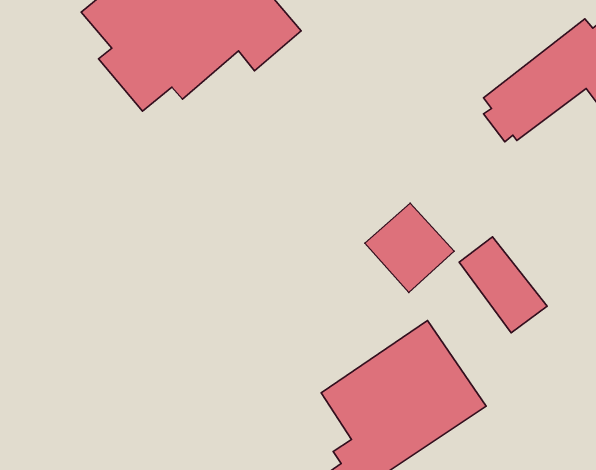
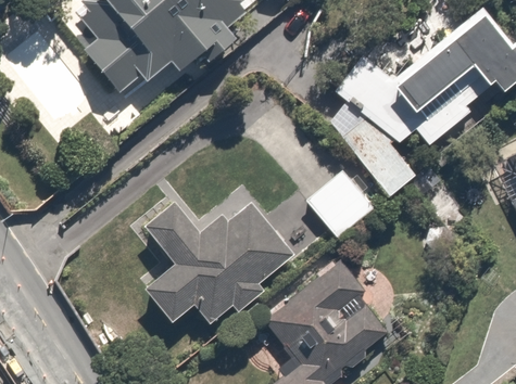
building: [459,237,547,333] -> [342,115,414,193]
building: none -> [142,195,310,329]

